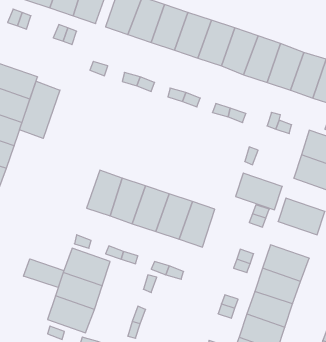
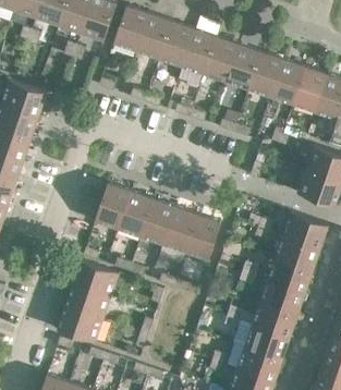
building: [20,81,60,138] -> none
building: [236,173,282,210] -> [273,233,319,269]
building: [24,259,64,287] -> none

